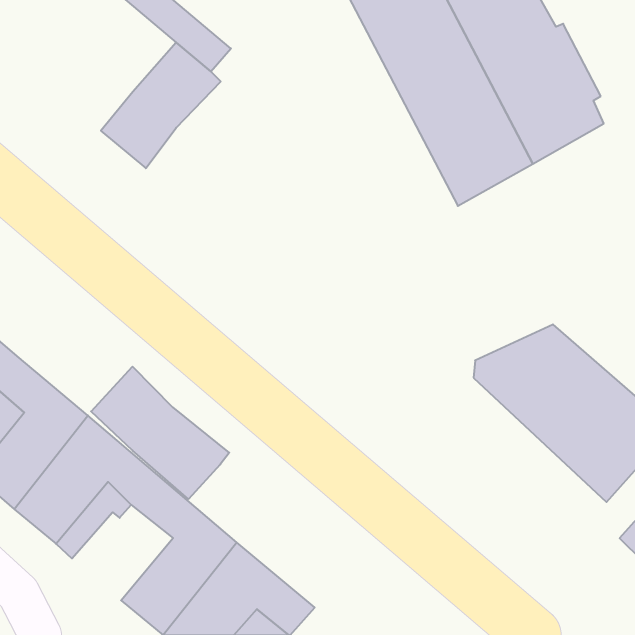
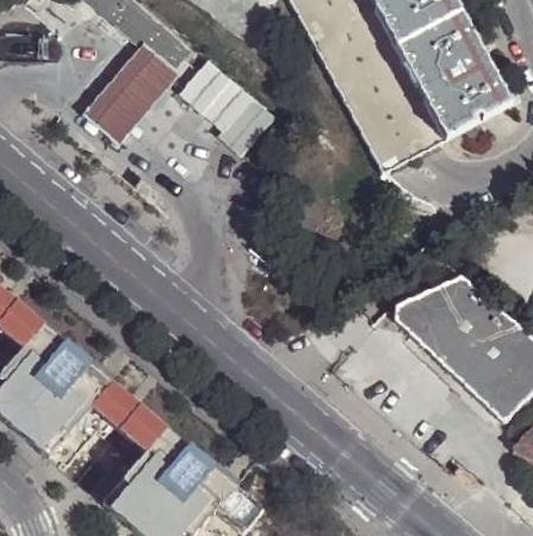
building: none -> [181,55,277,152]
building: [91,367,229,499] -> none

